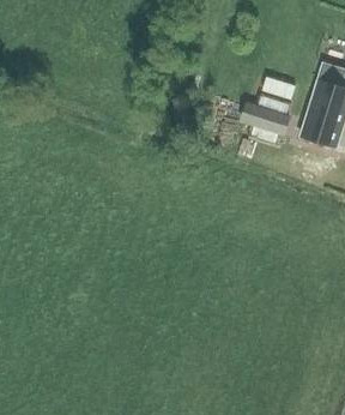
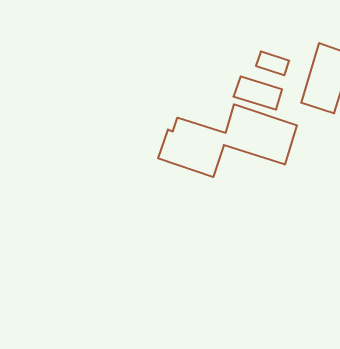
building: none -> [158,104,297,177]

